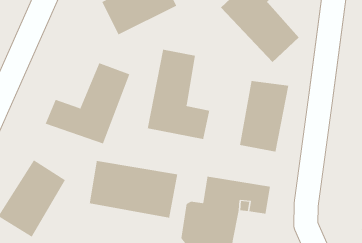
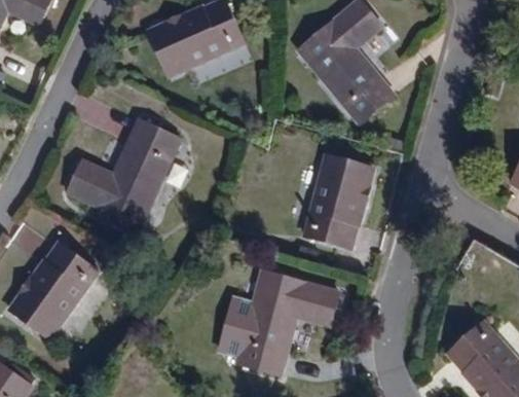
building: [147,49,210,140] -> none
building: [89,160,178,219] -> none

